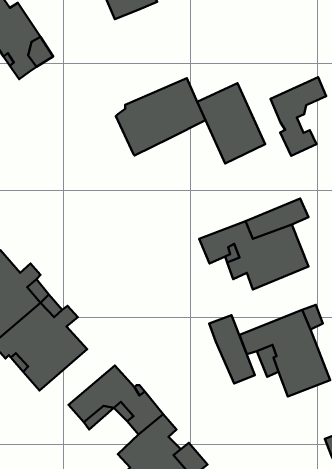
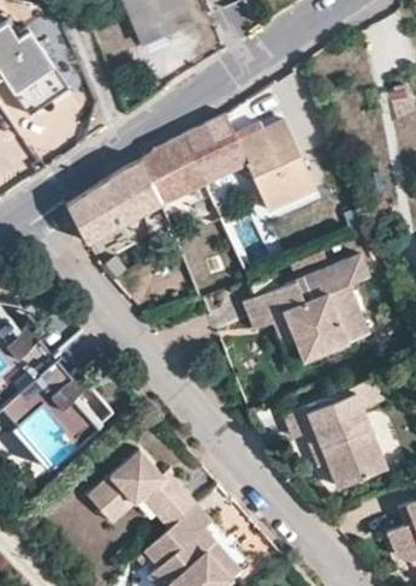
building: [271,77,326,156] -> none
building: none -> [65,160,164,243]
building: [209,315,255,383] -> none

